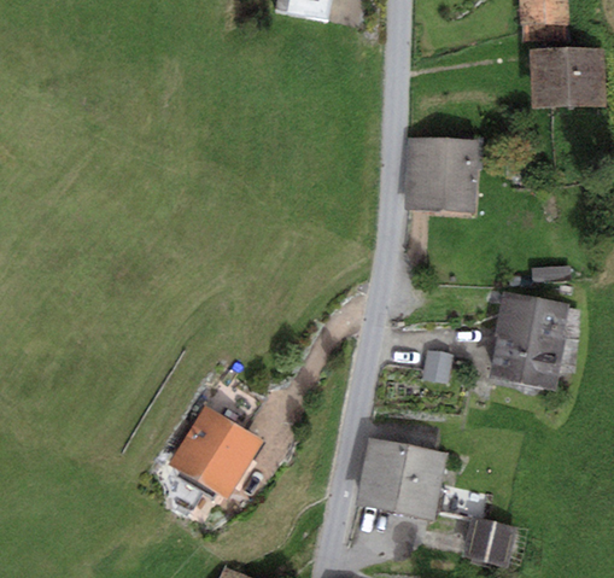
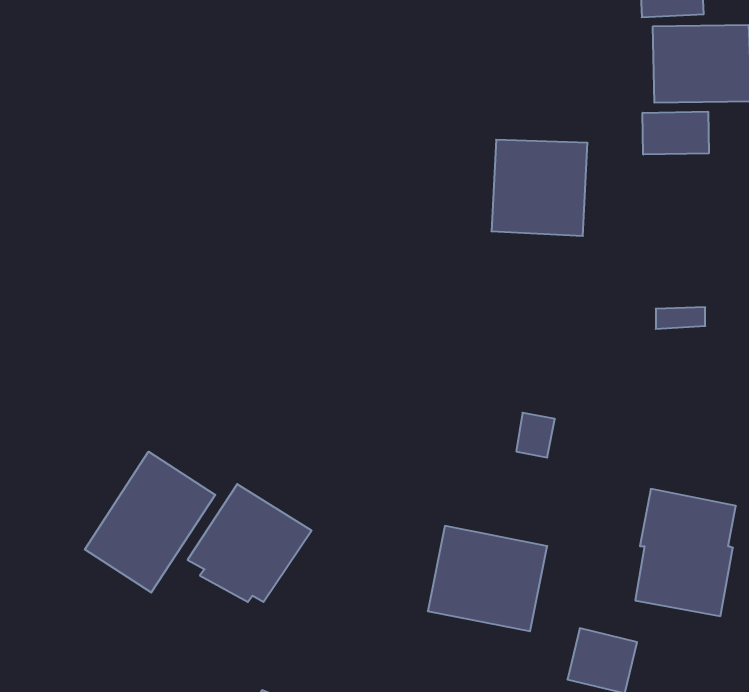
building: none -> [643,112,709,155]
building: [490,290,568,389] -> [635,489,736,616]
building: none -> [85,452,215,593]

